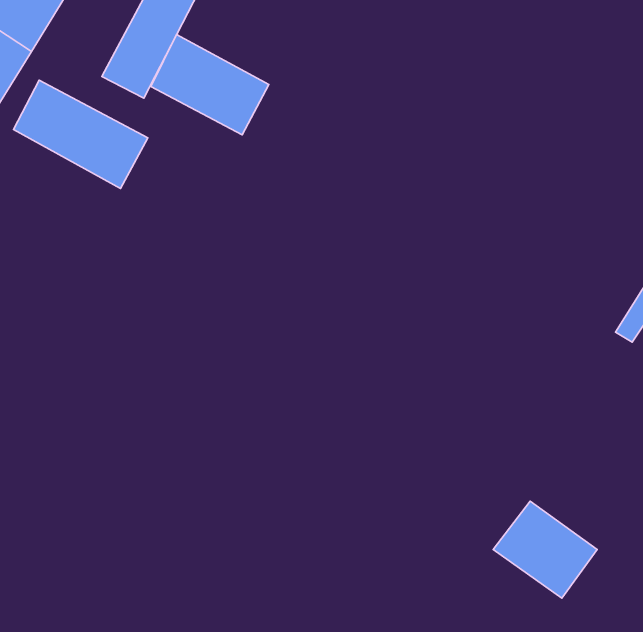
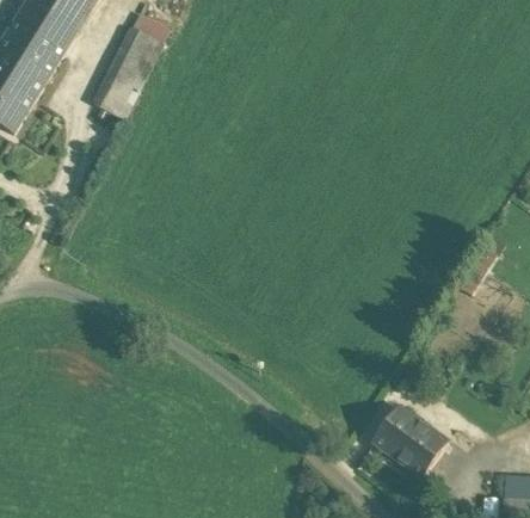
building: [151,34,269,135] -> none
building: [13,80,148,188] -> none

